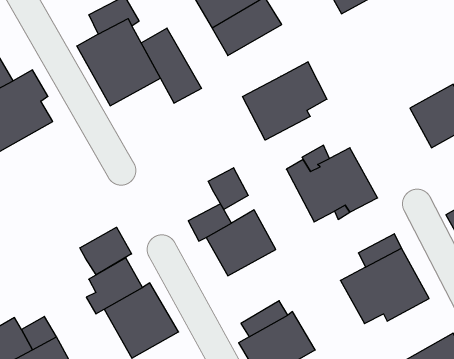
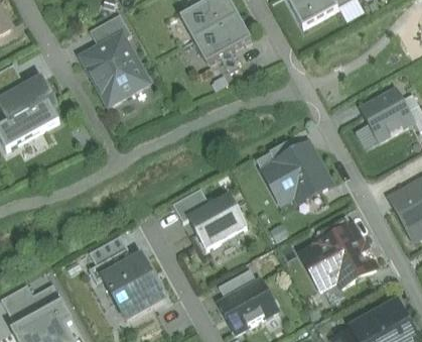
building: [141,28,201,103] -> none
building: [243,62,327,140] -> none
building: [208,168,248,209] -> none
building: [80,227,132,275] -> none

